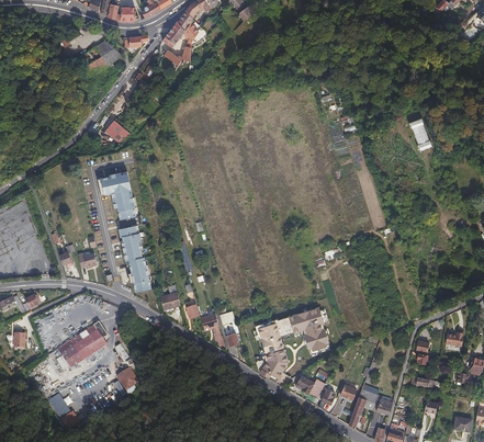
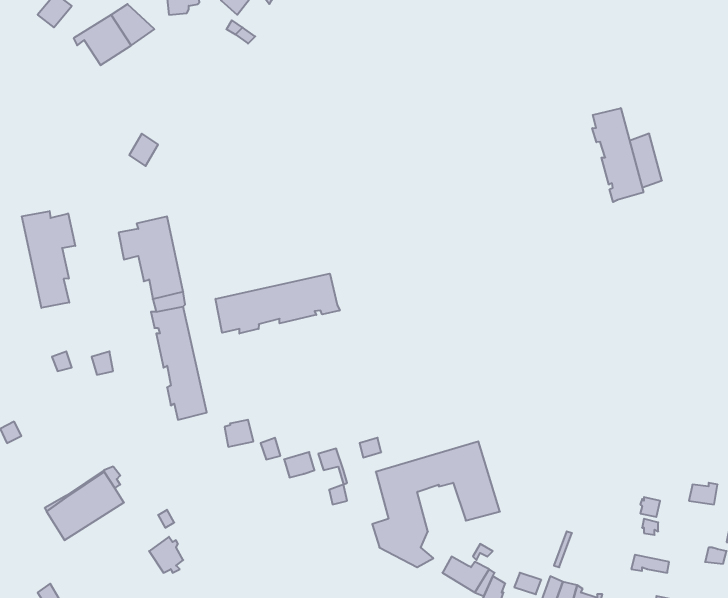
building: none -> [592,108,643,202]
building: none -> [22,211,75,308]
building: none -> [216,274,340,334]

